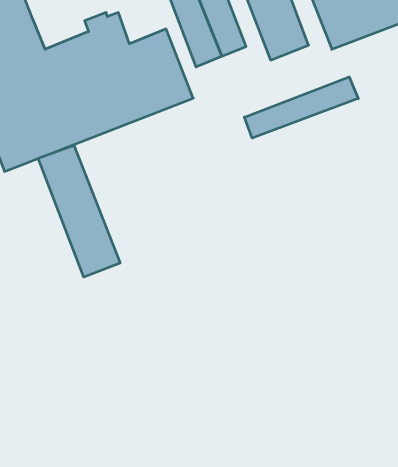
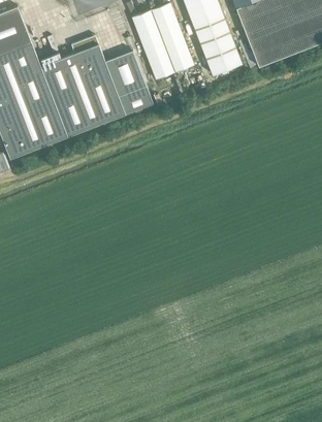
building: [244,77,358,138] -> none
building: [38,145,120,277] -> none

